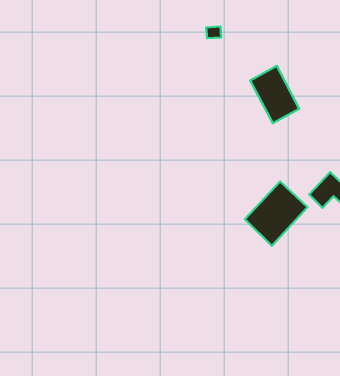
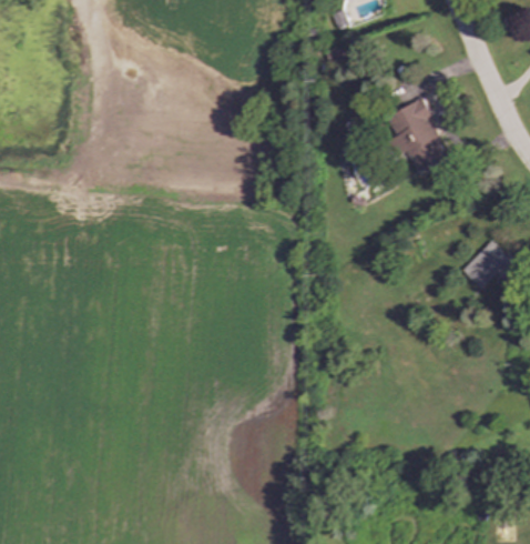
building: [245,181,307,246] -> none

